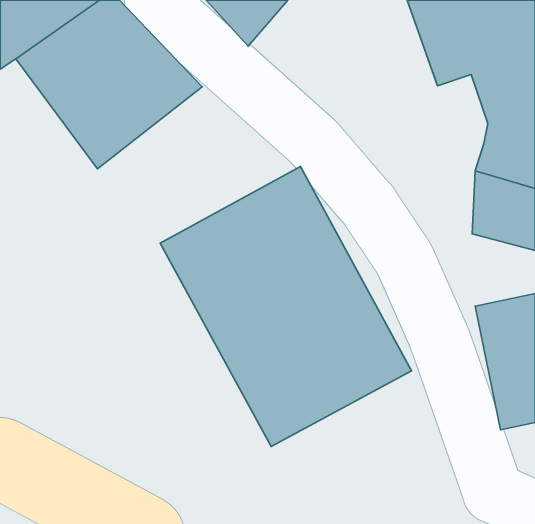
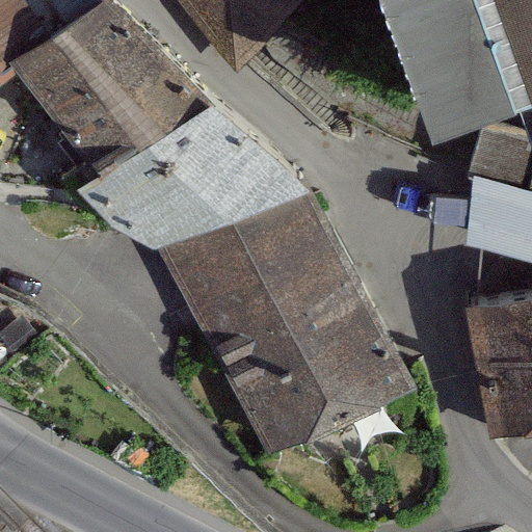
building: none -> [80,98,298,252]

